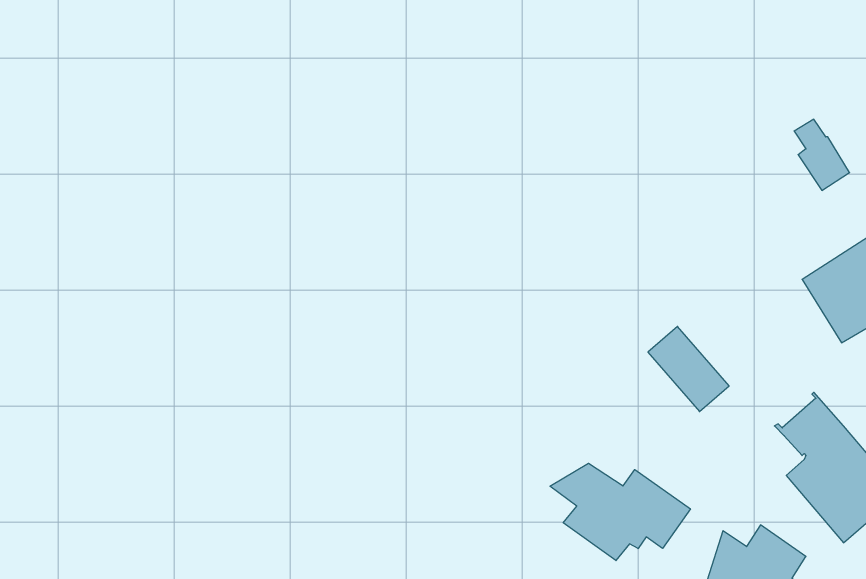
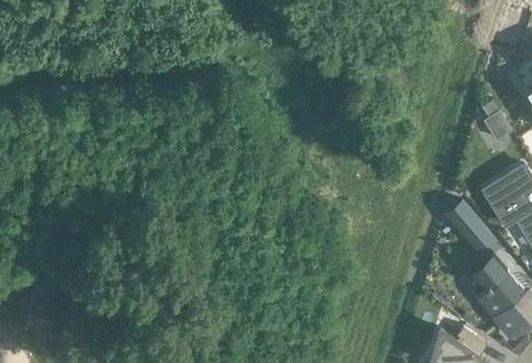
building: [648,326,729,412] -> [446,202,491,249]
building: [550,463,690,561] -> none

